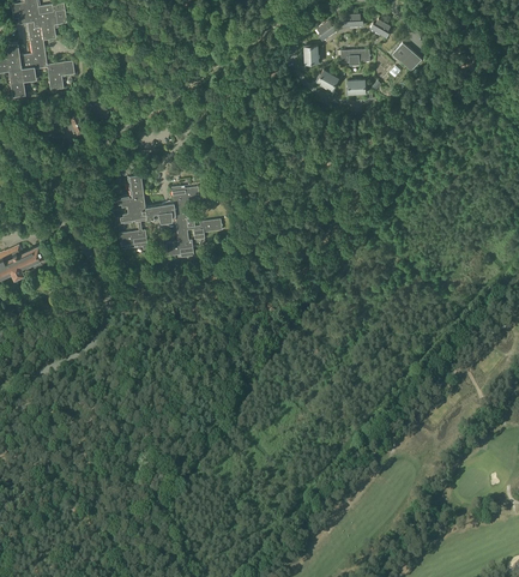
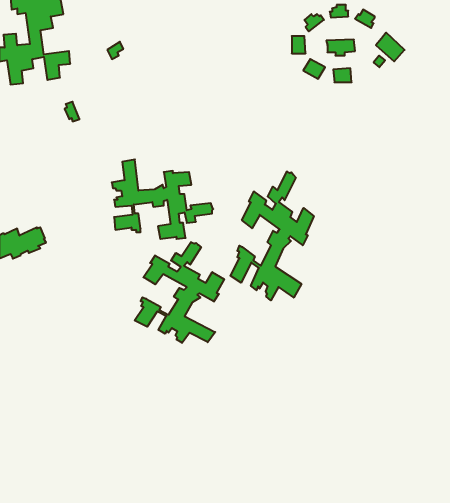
building: none -> [230,171,314,300]
building: none -> [135,242,224,343]

